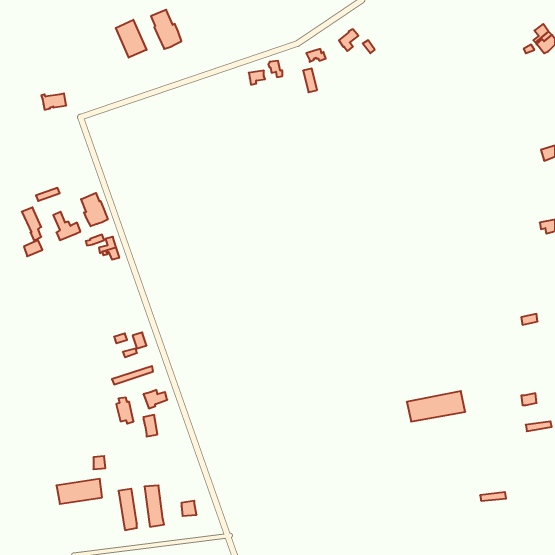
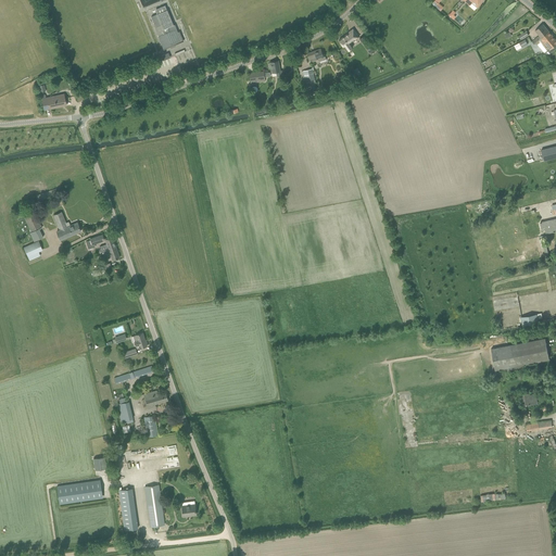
building: [116,20,147,58] -> none
building: [81,193,108,226] -> none
building: [407,391,465,422] -> [491,339,549,369]

